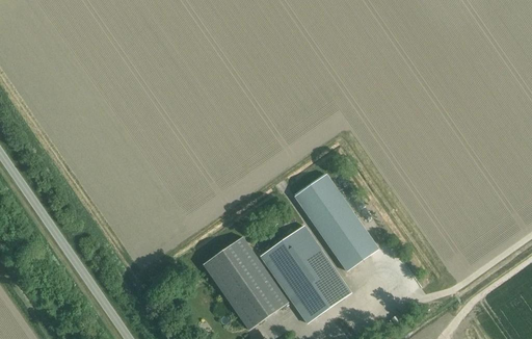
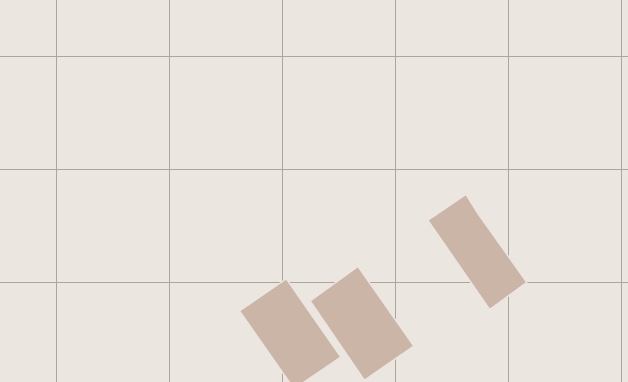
building: [294,174,377,270] -> [428,195,527,309]

